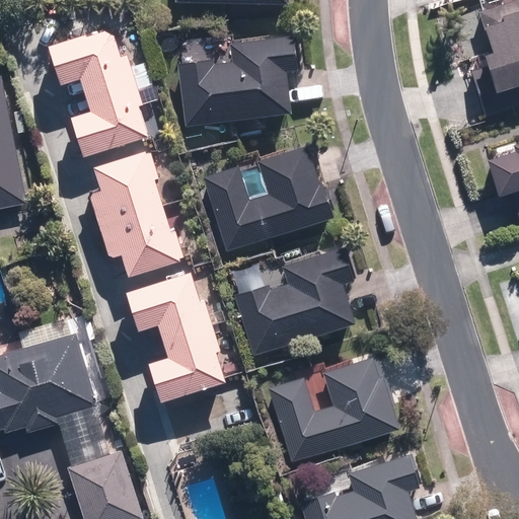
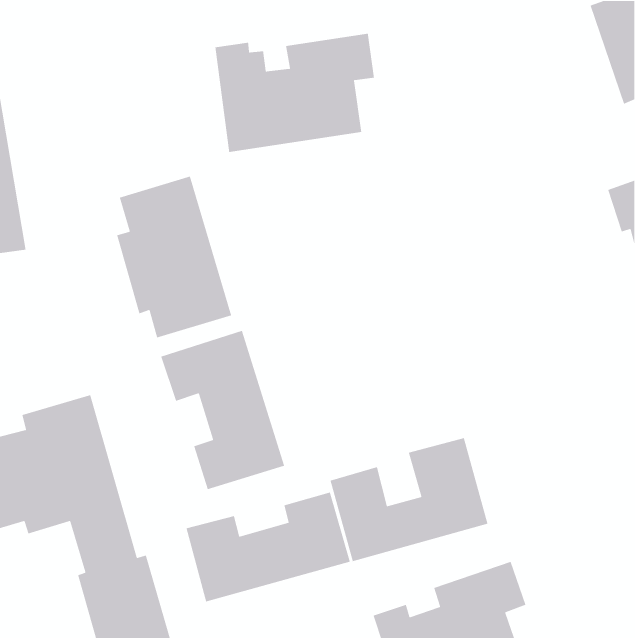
building: [52,29,153,158] -> none
building: [195,145,338,251] -> none
building: [227,243,358,360] -> none
building: none -> [186,492,351,603]

